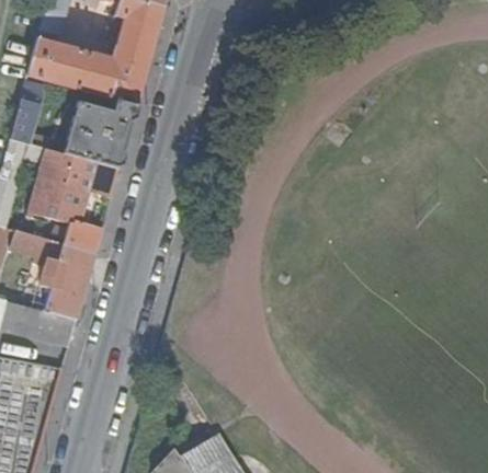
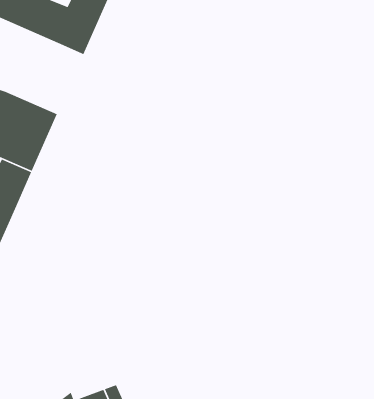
building: [64,97,137,169] -> none

